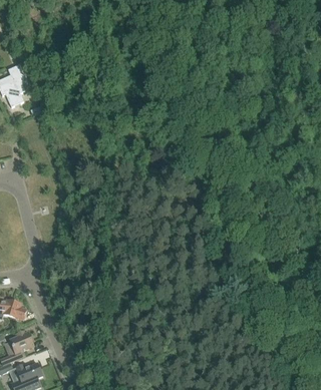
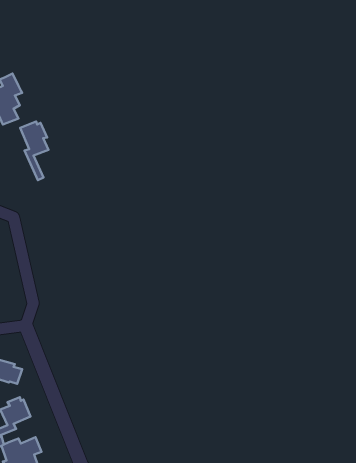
building: none -> [20,121,49,180]

